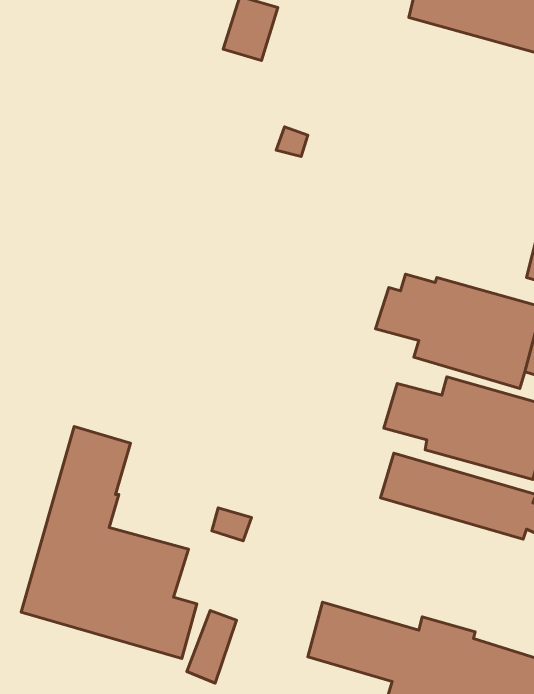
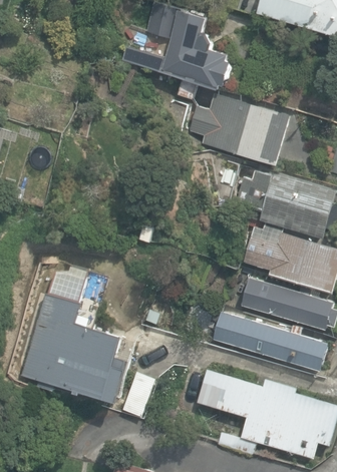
building: none -> [121,10,234,89]
building: none -> [190,93,293,165]
building: none -> [212,312,328,371]

